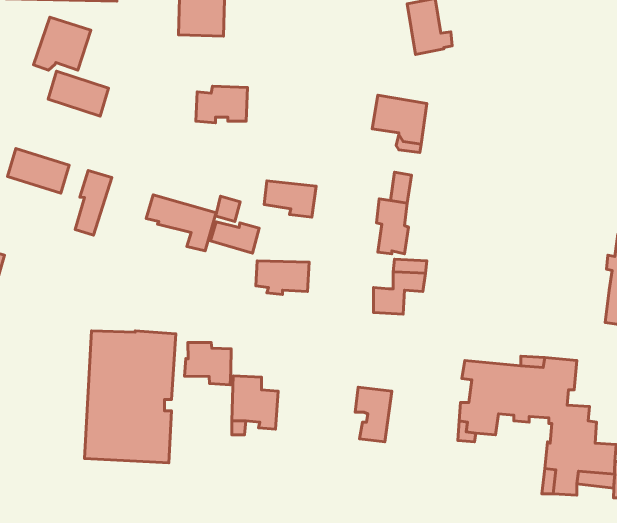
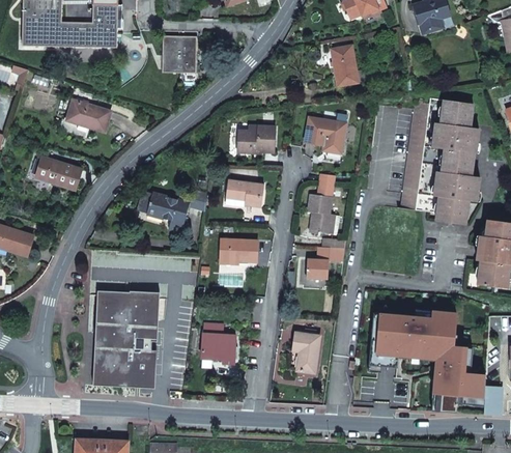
building: [33,17,91,70] -> none
building: none -> [400,97,477,224]
building: [196,86,248,123] -> [237,125,276,152]
building: [75,171,112,235] -> none
building: [211,222,259,253] -> none
building: [185,343,231,385] -> none

